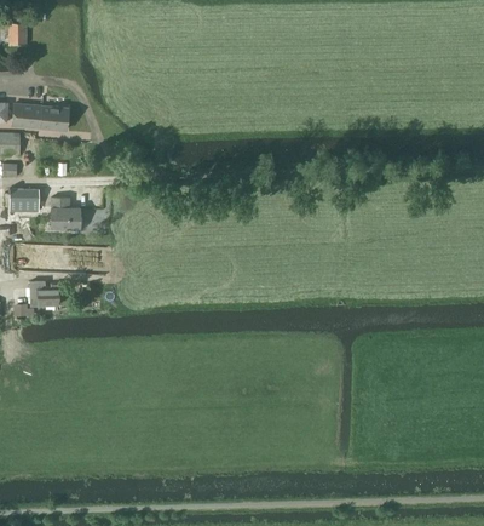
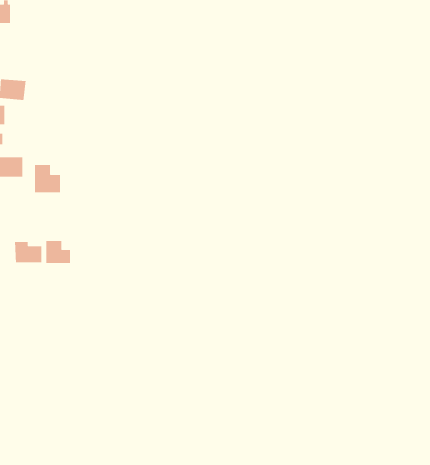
building: [40,107,68,130] -> none
building: none -> [45,240,71,264]

